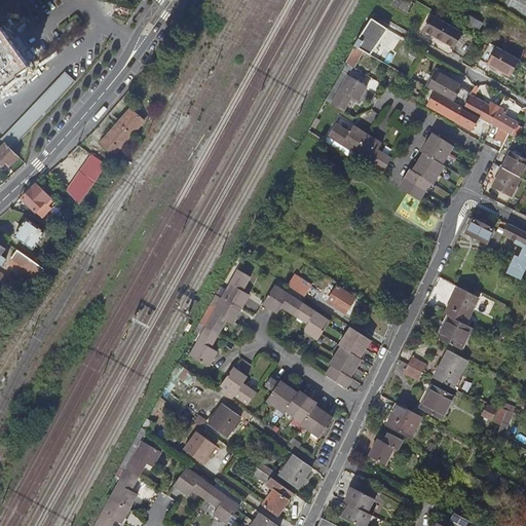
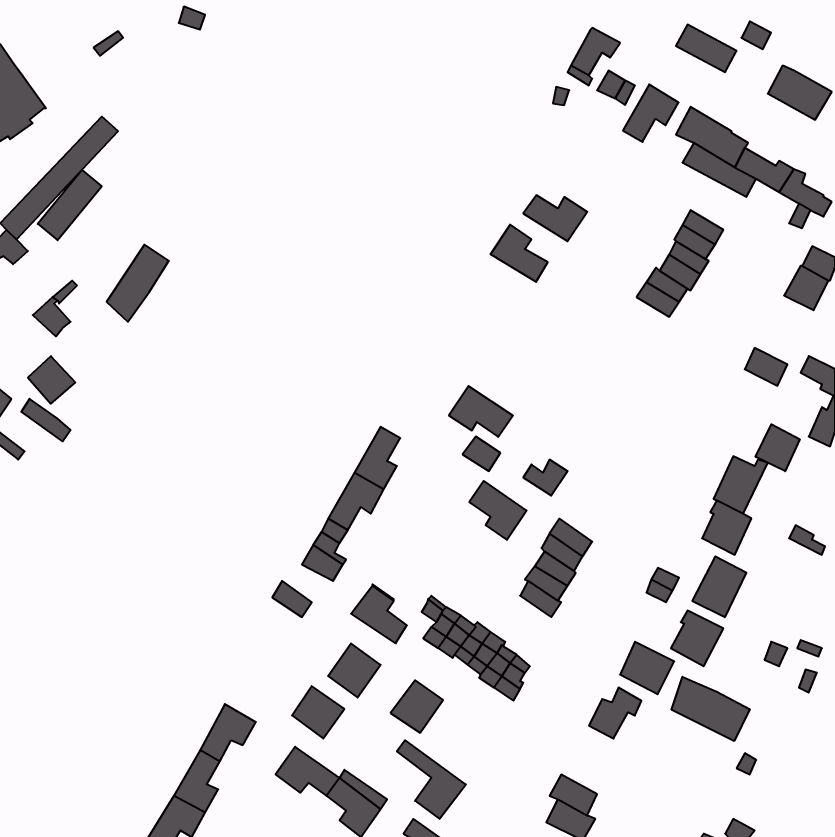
building: [331,75,366,111] -> [623,84,679,142]
building: [101,110,141,154] -> [38,170,102,240]
building: [355,134,391,170] -> [490,225,548,282]
building: none -> [756,424,800,471]
building: [263,284,303,315] -> [449,386,513,437]
building: none -> [672,677,750,741]
building: [277,455,310,488] -> [391,680,443,733]

